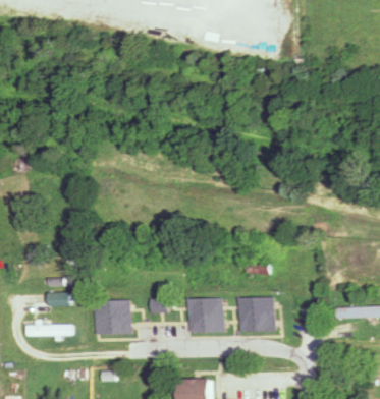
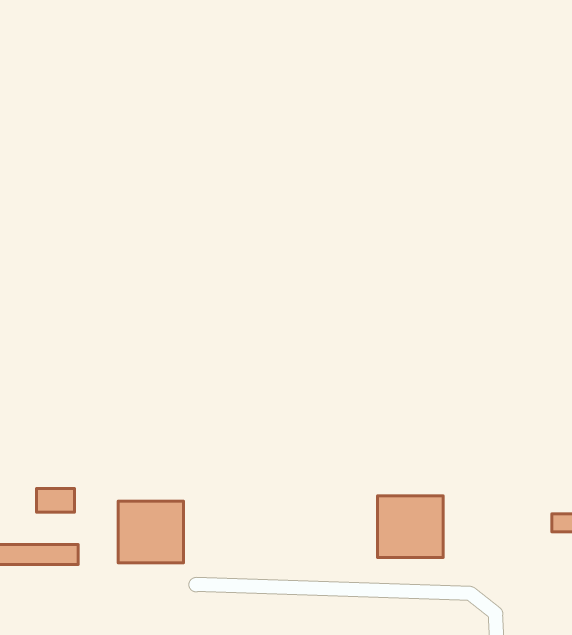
building: [187,298,223,333] -> none

